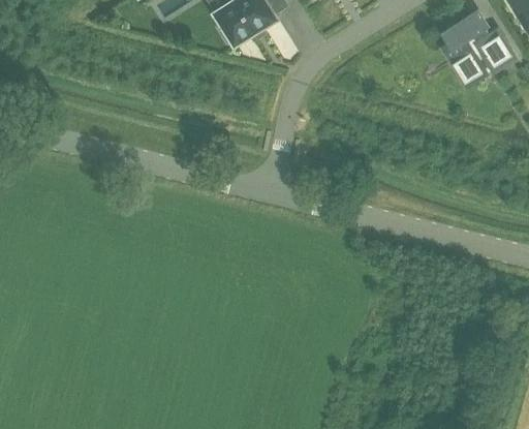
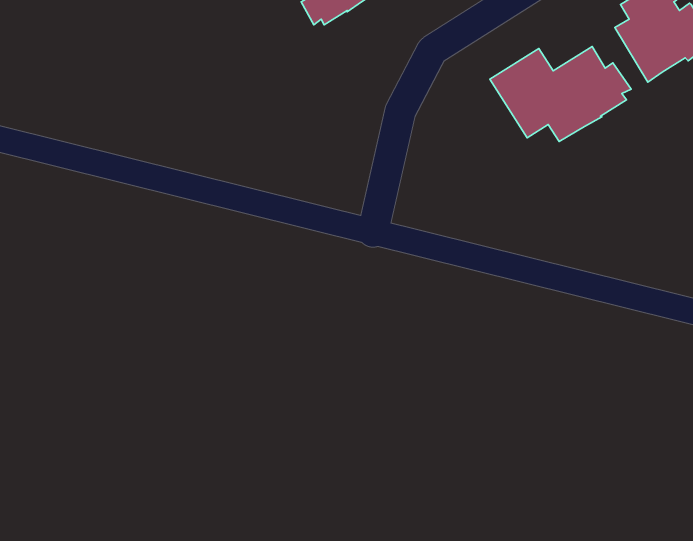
building: none -> [490,46,631,141]

